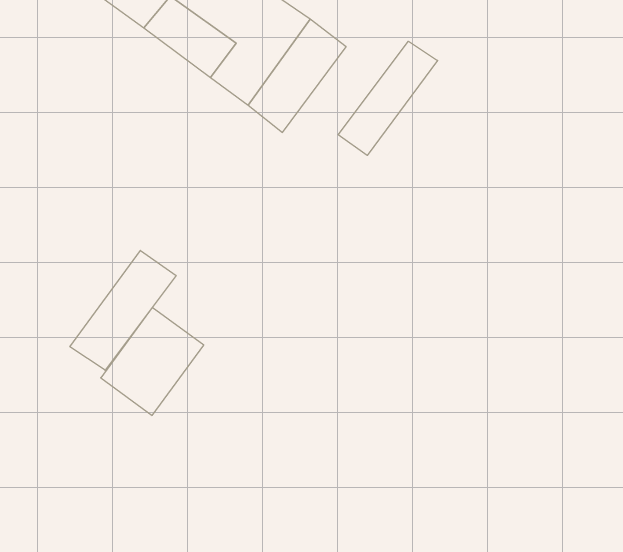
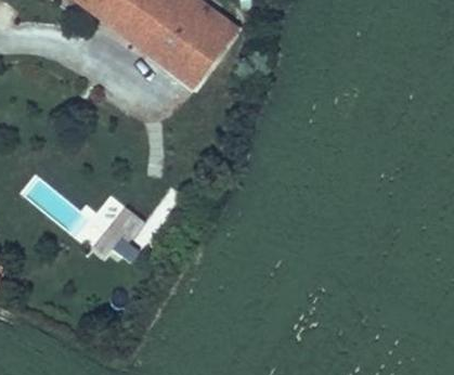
building: [338,41,438,155] -> none
building: [70,250,176,370] -> none

